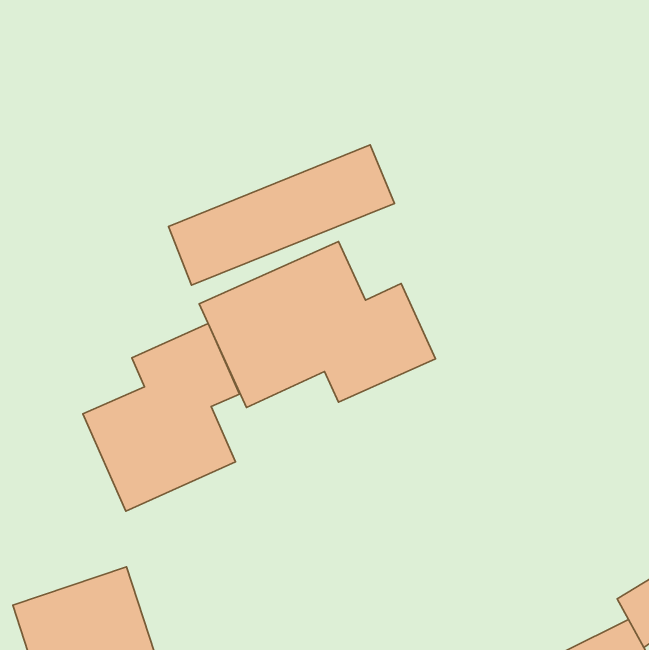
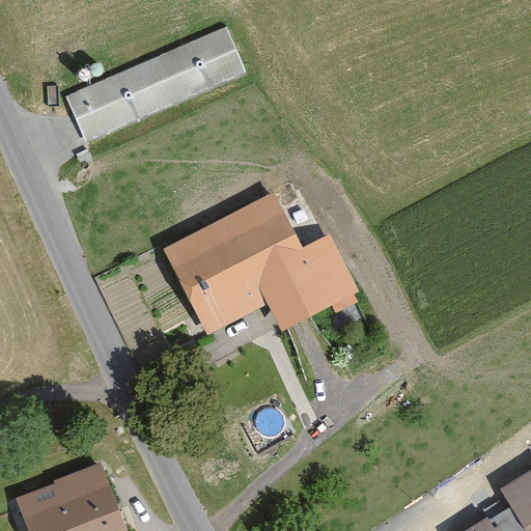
building: [168,145,394,285] -> [64,26,248,140]
building: [83,323,240,511] -> none

